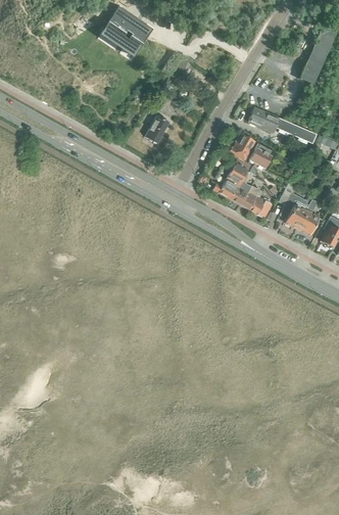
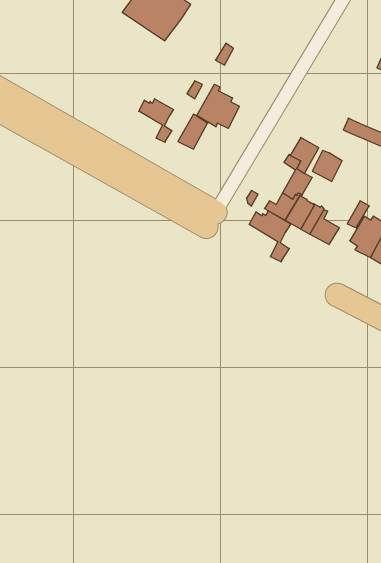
building: none -> [197,84,239,128]
building: none -> [139,99,173,142]
building: [248,107,279,132] -> none
building: none -> [249,211,291,262]

